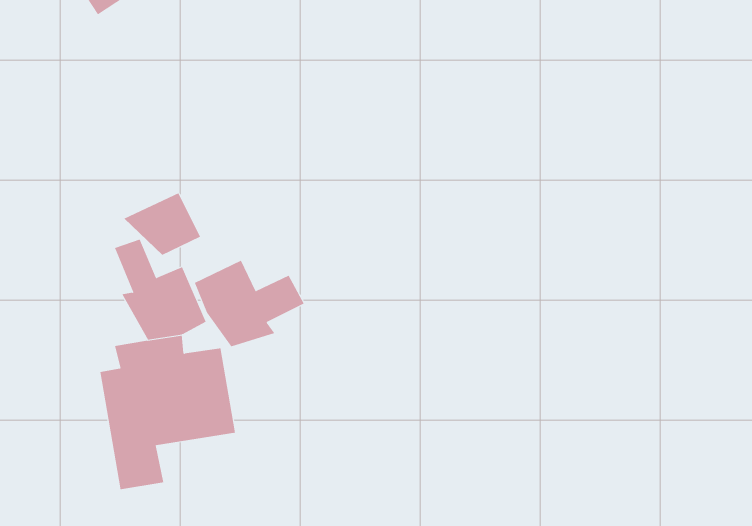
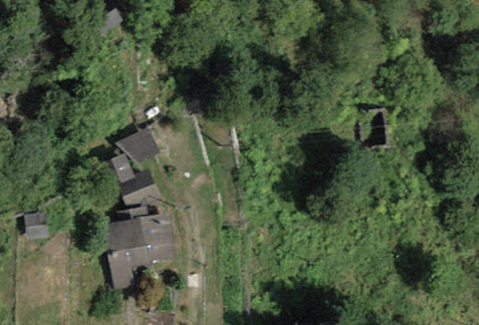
building: [194,260,304,347] -> none

